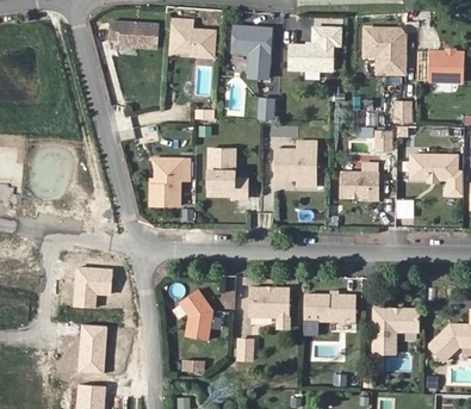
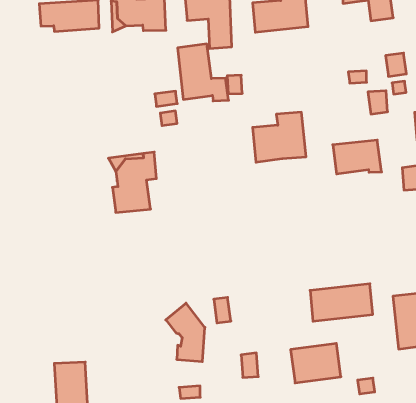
building: [210,149,248,199] -> [178,44,229,101]
building: [74,268,113,310] -> none
building: [250,287,290,316] -> [291,343,341,383]

